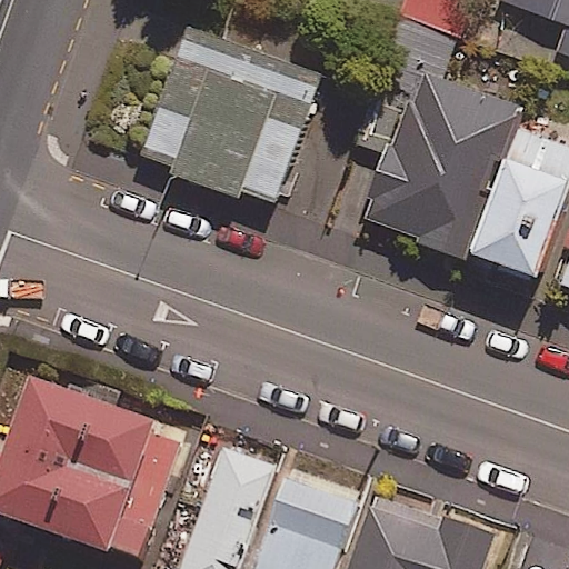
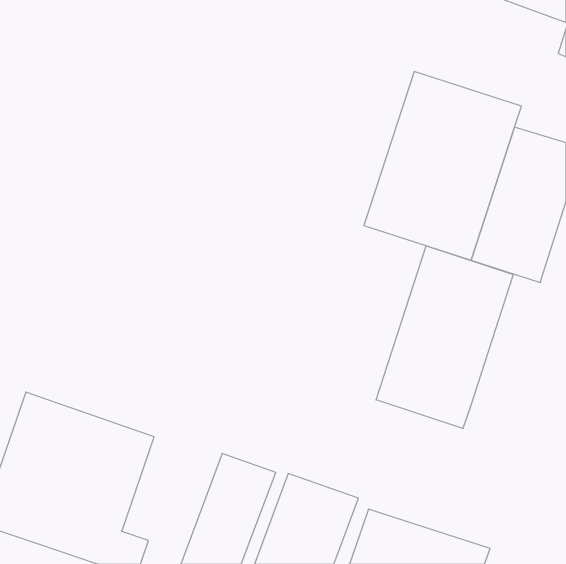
building: [156,12,335,178] -> none
building: none -> [376,246,513,429]

